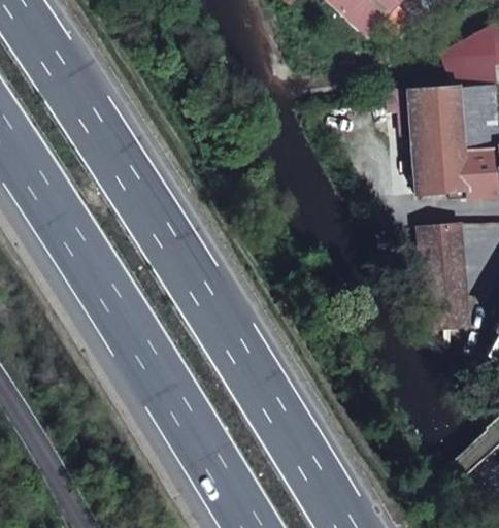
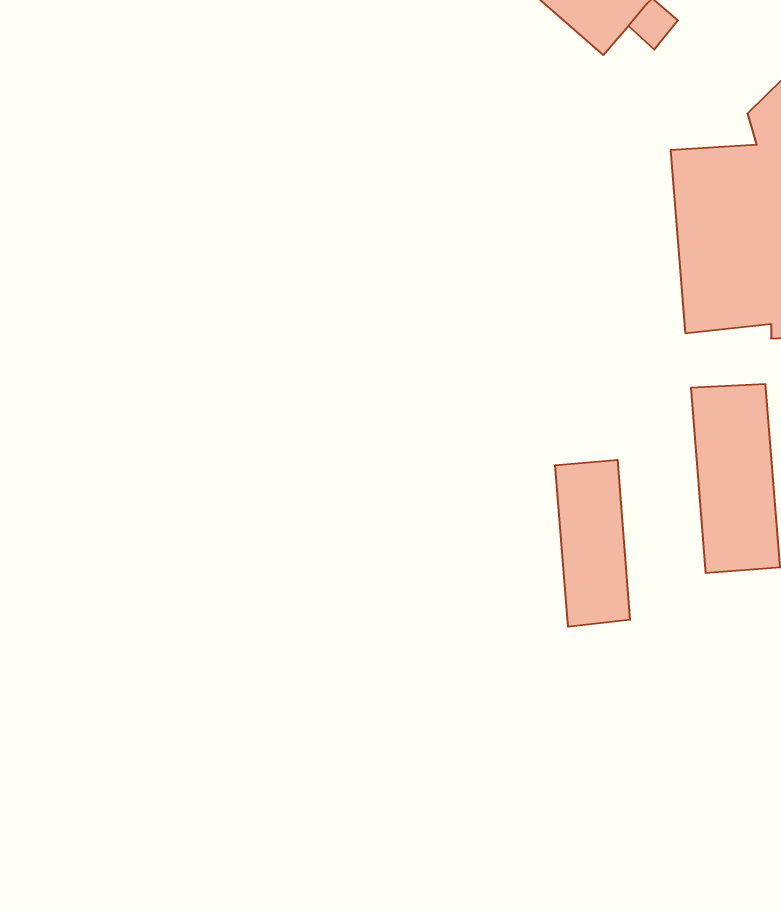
building: none -> [555,460,630,627]

